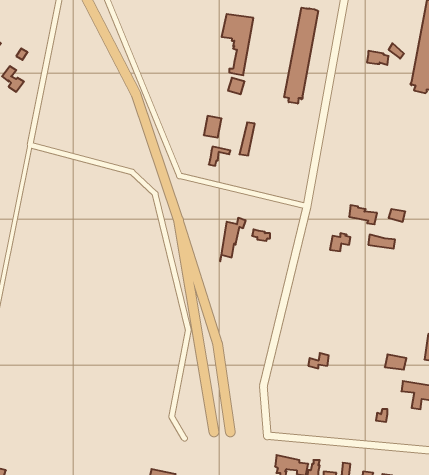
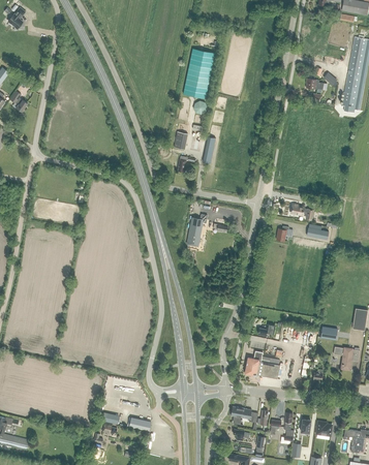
building: [284,8,318,104] -> none
building: none -> [244,350,279,378]

